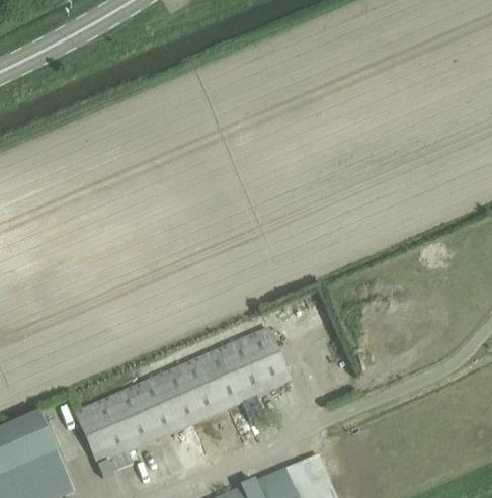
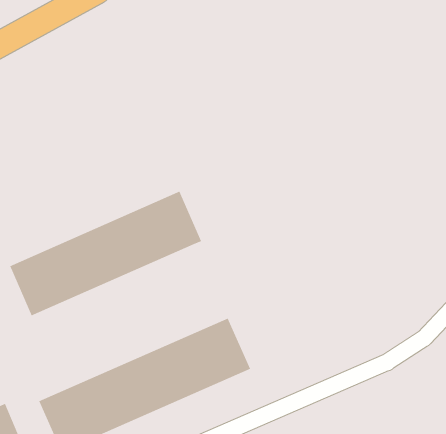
building: none -> [9,191,202,317]

